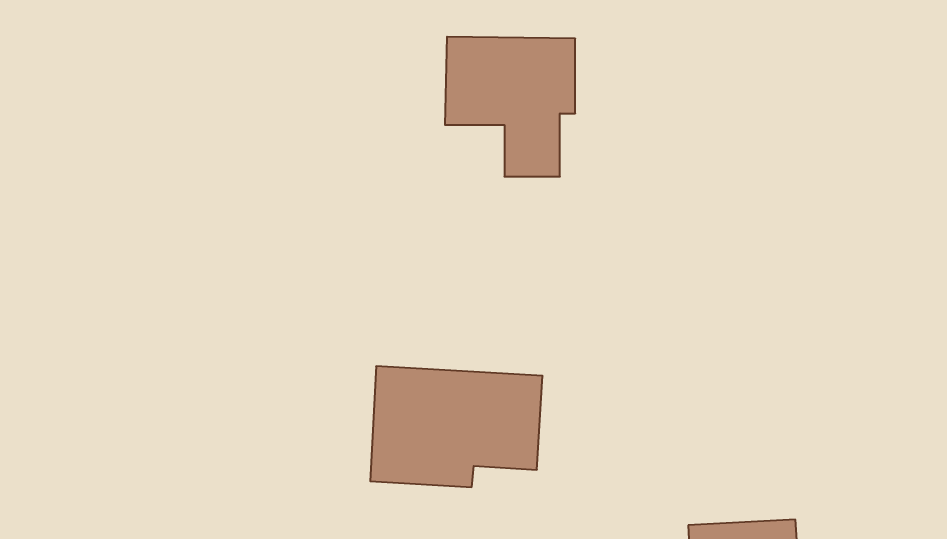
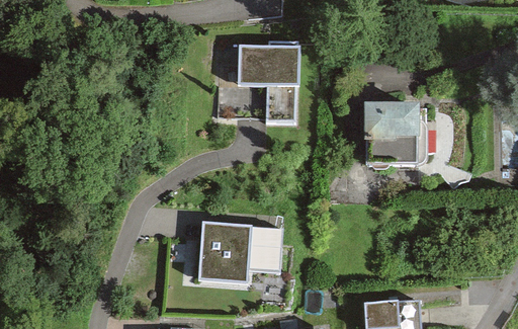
building: none -> [363,98,426,162]

